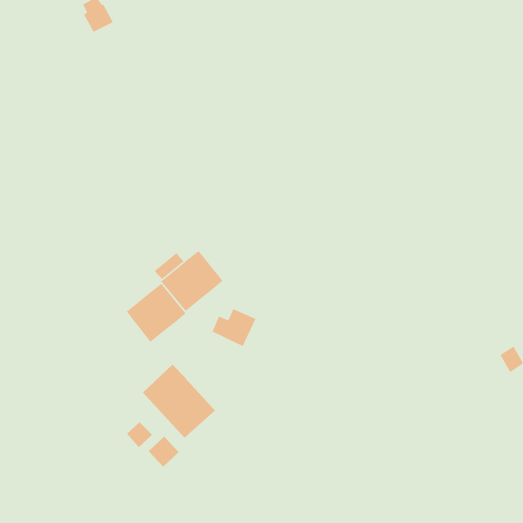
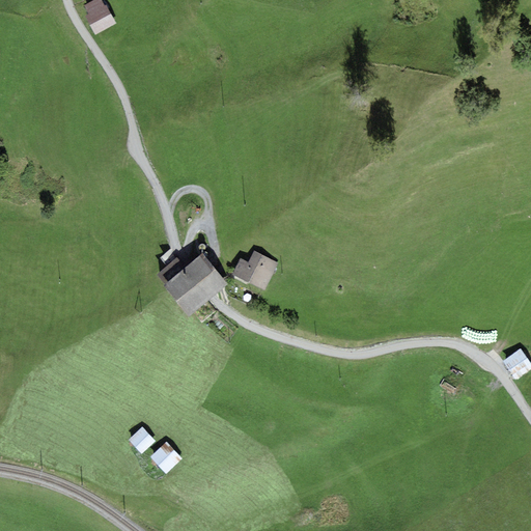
building: [126,283,186,343] -> none
building: [211,308,256,347] -> [231,250,277,289]
building: [142,364,216,438] -> none

